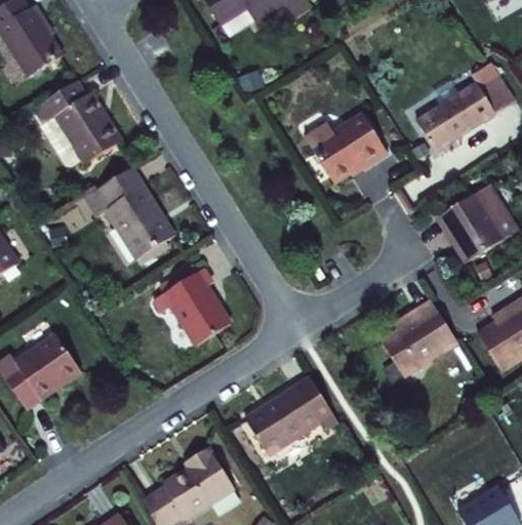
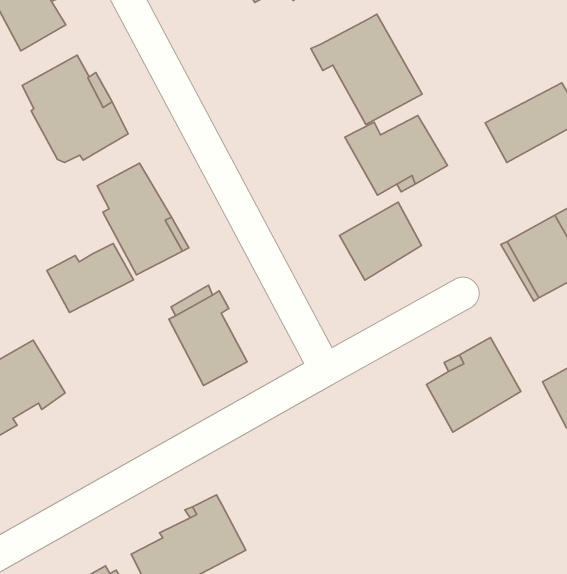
building: none -> [311,14,422,125]
building: none -> [340,202,422,280]
building: none -> [47,243,133,313]
building: [245,372,343,454] -> none

